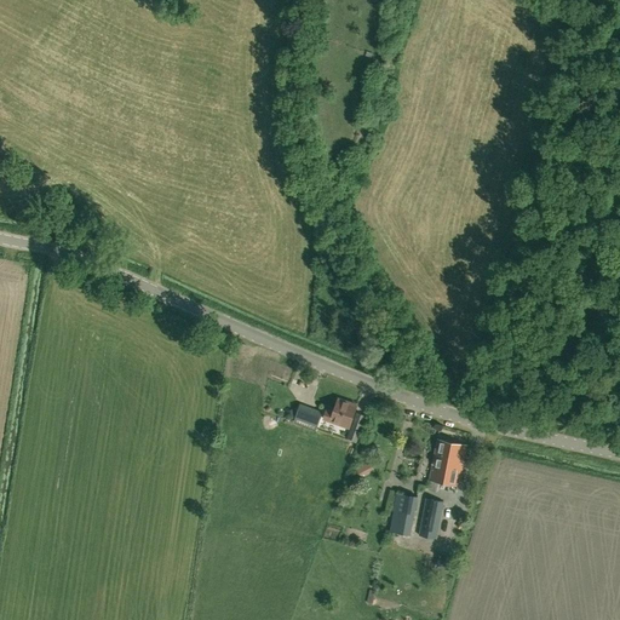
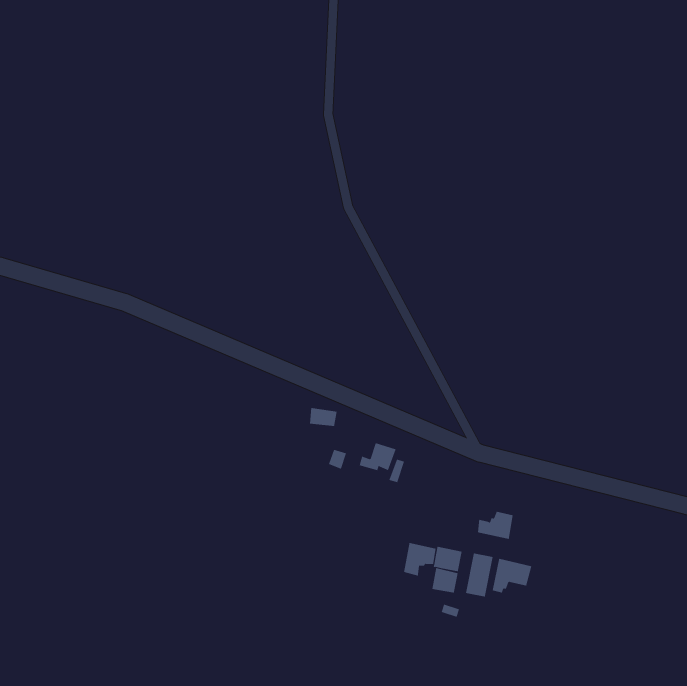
building: [431,440,467,471] -> [492,558,532,593]
building: none -> [403,542,436,576]

